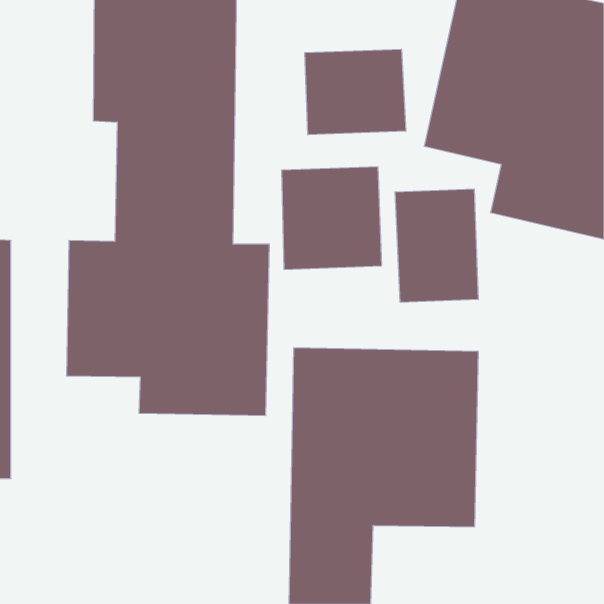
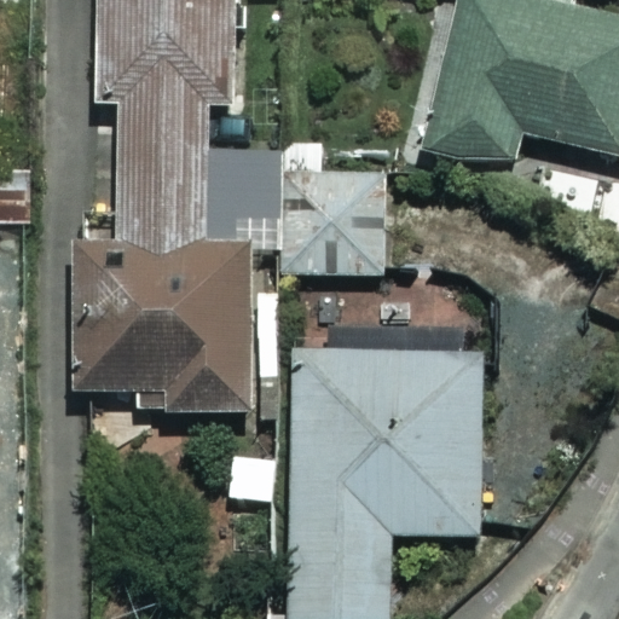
building: [305,49,406,135] -> none
building: [395,189,478,302] -> none

